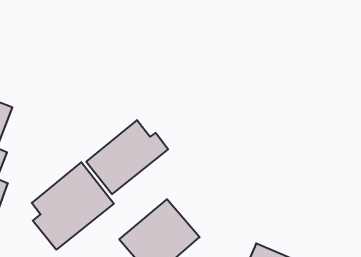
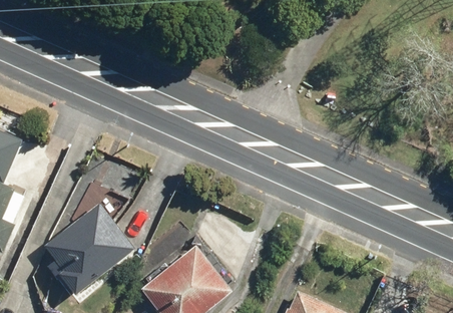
building: [86,120,168,194] -> none

